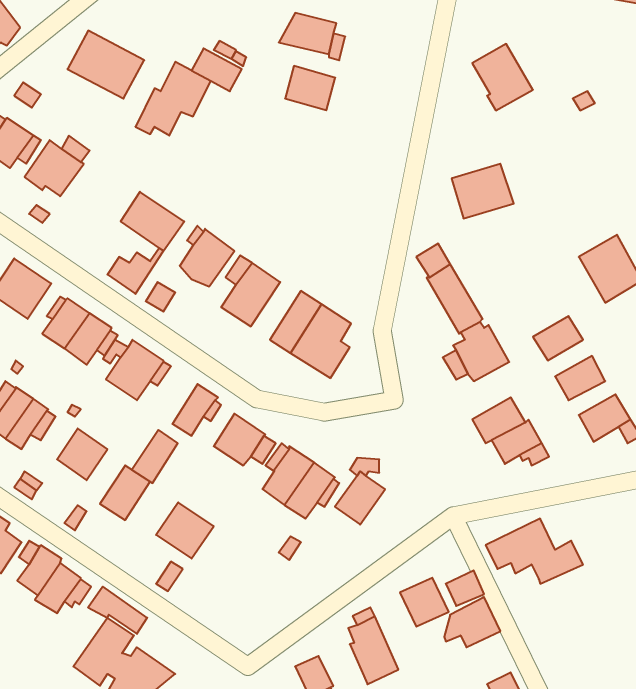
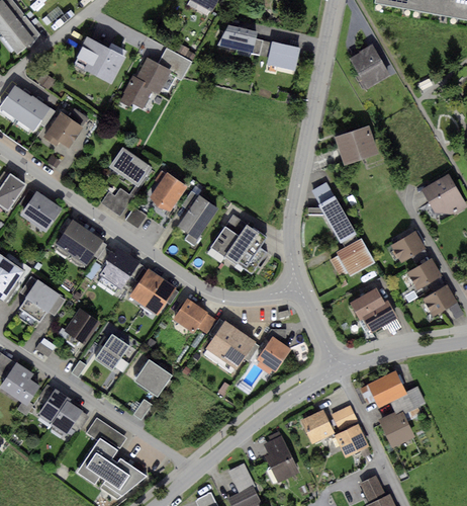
building: [285,66,335,110] -> [266,40,300,71]
building: [132,430,178,483] -> [129,268,161,305]
building: none -> [378,411,414,447]

